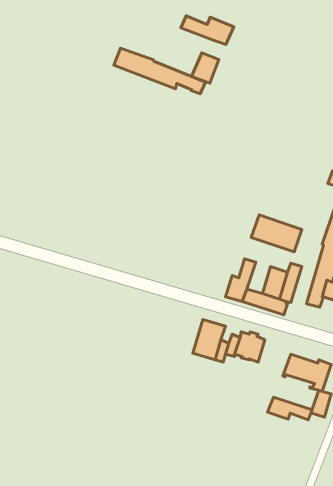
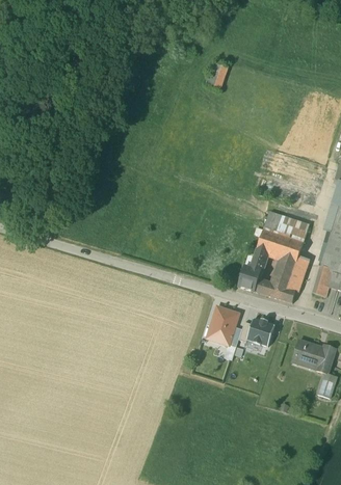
building: [181,16,234,45] -> none
building: [114,48,206,94] -> none
building: none -> [256,231,301,263]
building: [267,397,312,420] -> none

